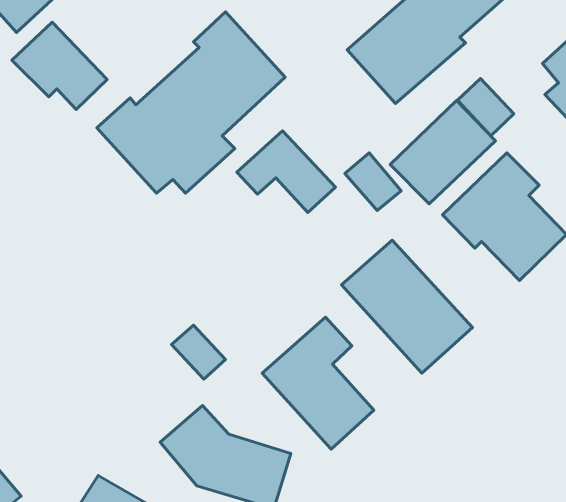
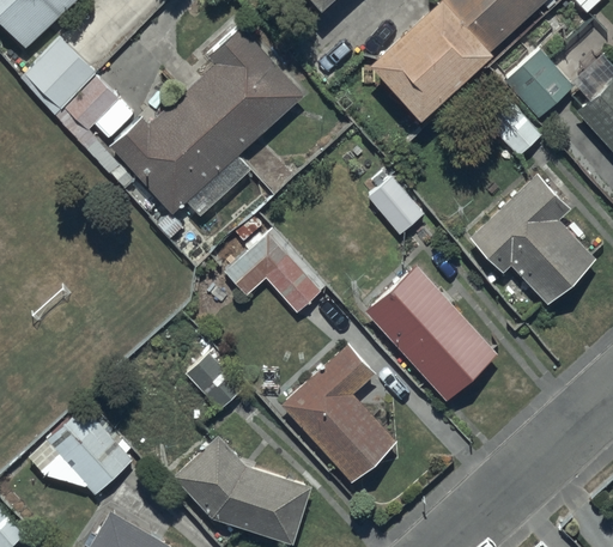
building: none -> [503,50,572,117]
building: [390,101,495,204] -> none
building: [237,131,335,212] -> [224,229,327,314]
building: none -> [36,407,131,494]

